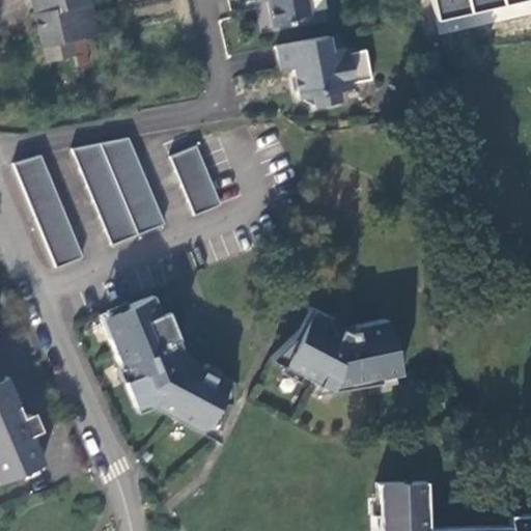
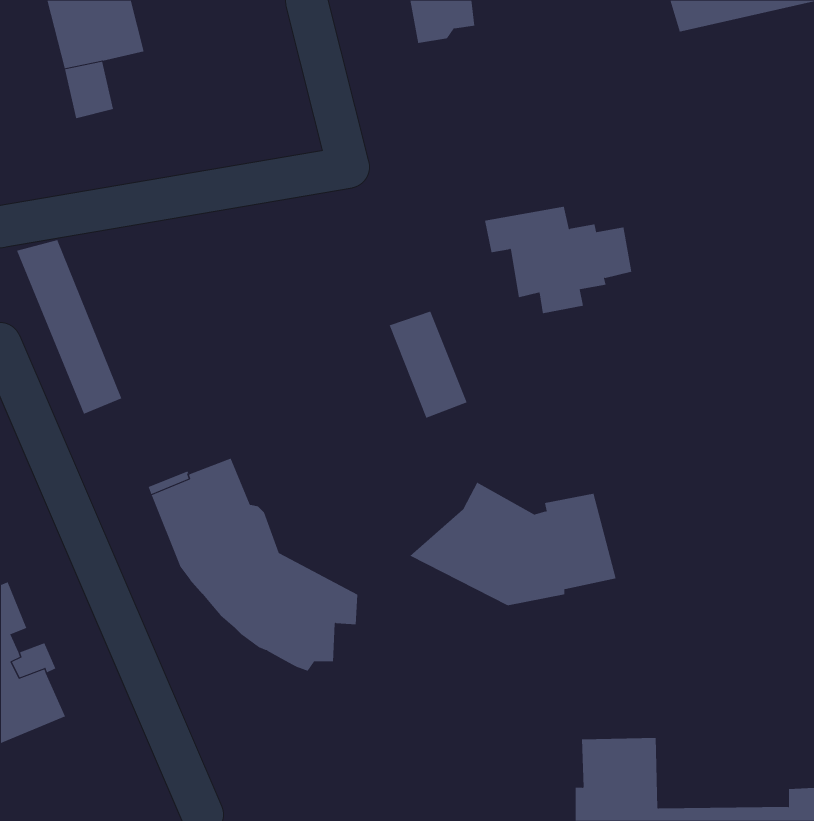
building: [277,37,372,107] -> [484,206,632,314]
building: [74,137,166,245] -> none
building: [171,146,222,216] -> [389,311,468,418]

